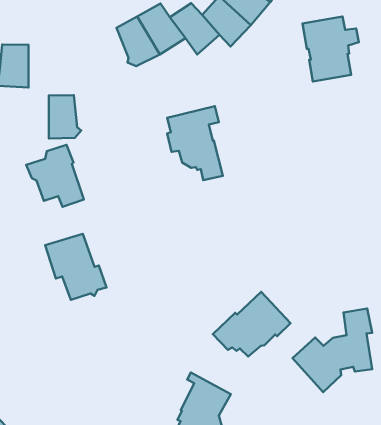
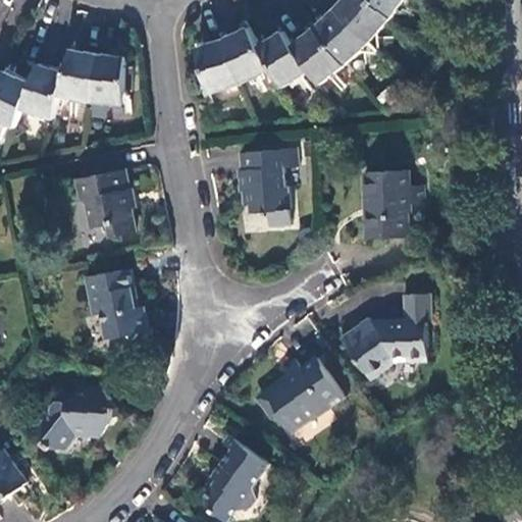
building: [303,16,359,82] -> [362,171,421,239]
building: [49,95,81,138] -> [90,54,126,104]
building: [293,308,372,392] -> [340,294,430,379]
building: none -> [39,387,117,451]

